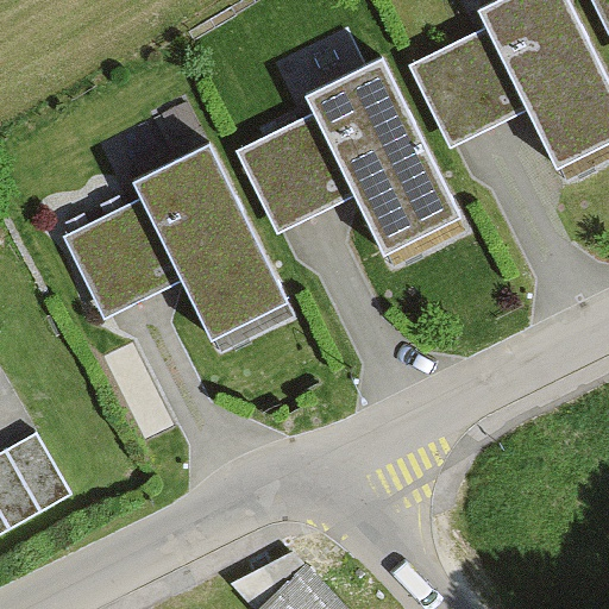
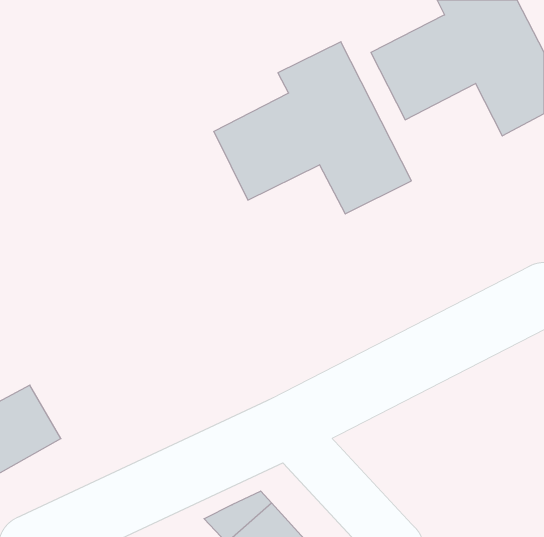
building: [63,140,288,340] -> none

